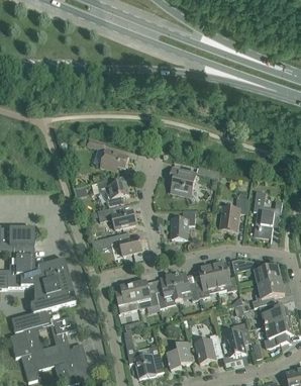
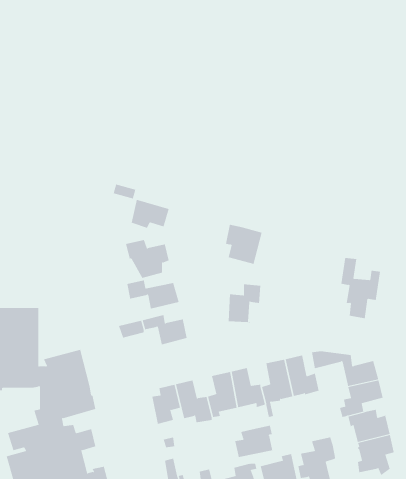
building: [219,197,248,231] -> none
building: none -> [233,425,273,458]

